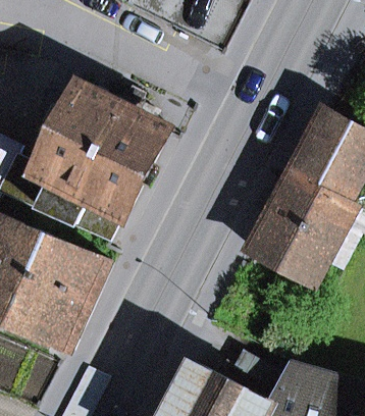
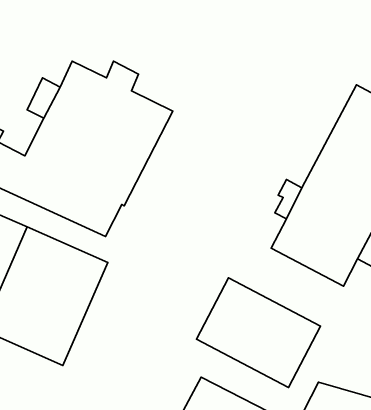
building: none -> [196,278,321,388]

